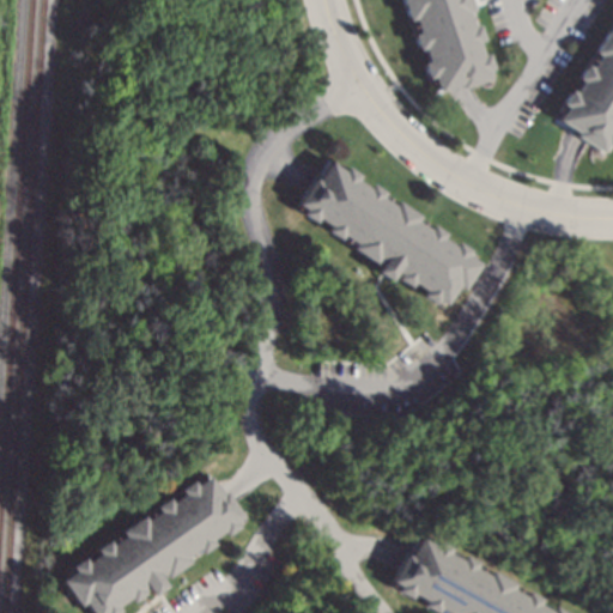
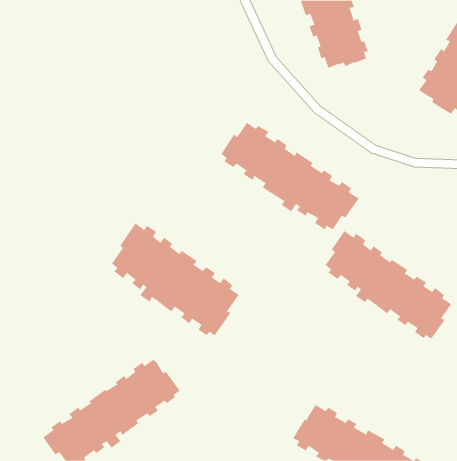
building: none -> [111,223,239,336]
building: none -> [325,230,452,339]

